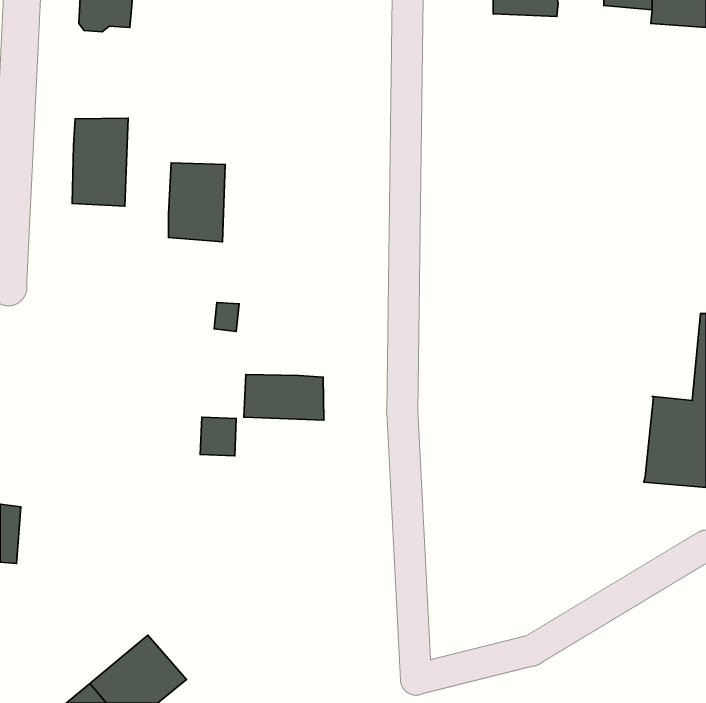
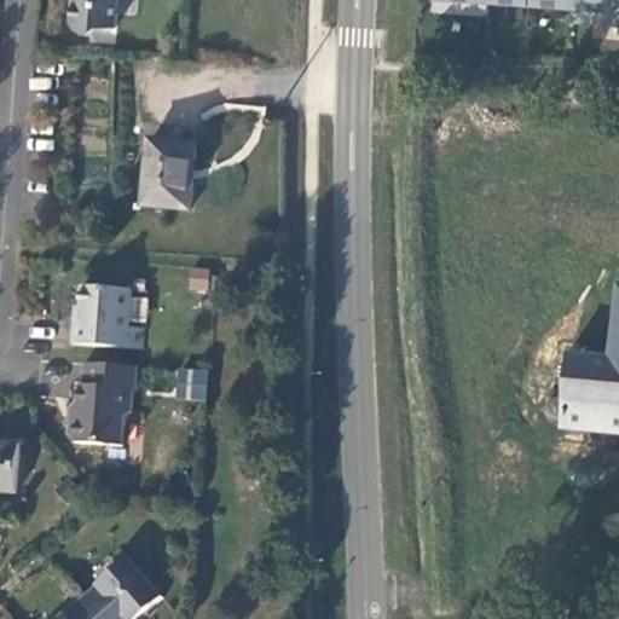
building: [72,118,128,206] -> none
building: none -> [71,284,141,347]
building: [244,374,324,420] -> none
building: none -> [68,361,137,445]

